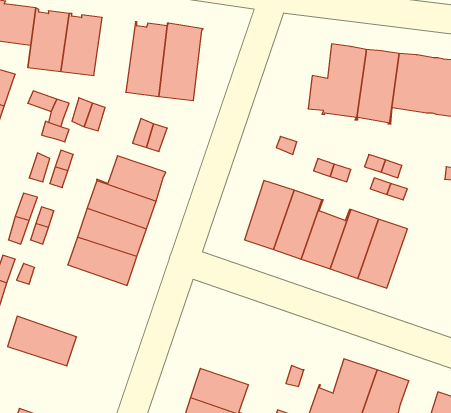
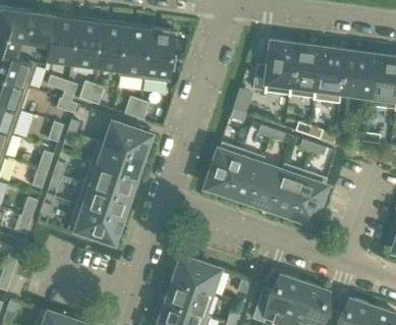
building: none -> [96,21,126,76]
building: [8,316,77,366] -> [69,204,120,240]
building: none -> [174,258,218,292]

